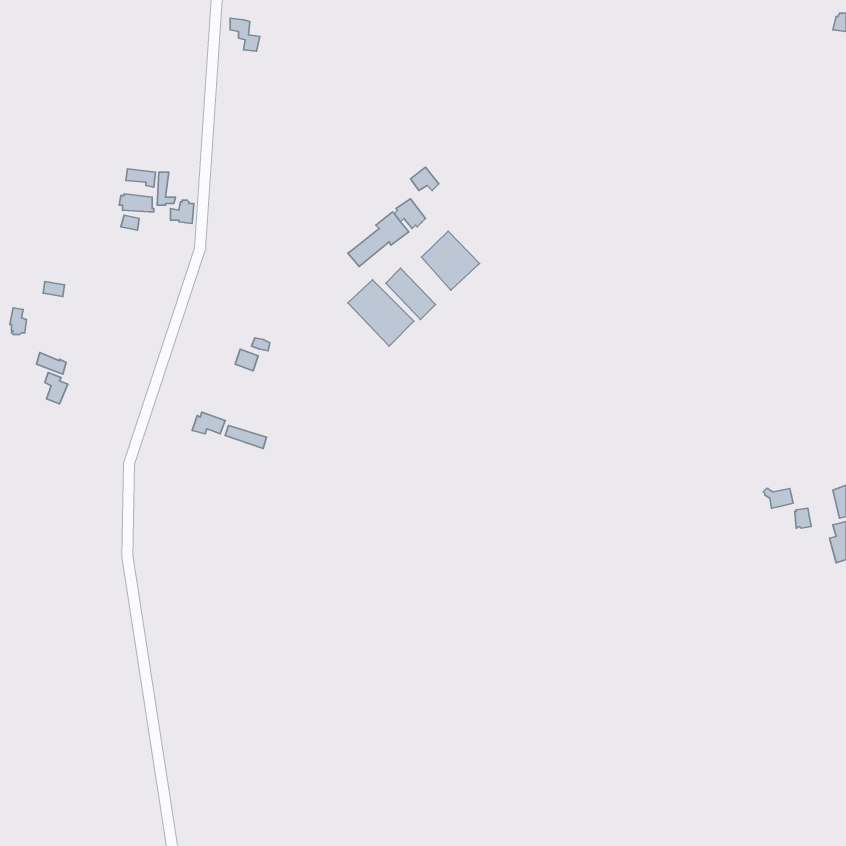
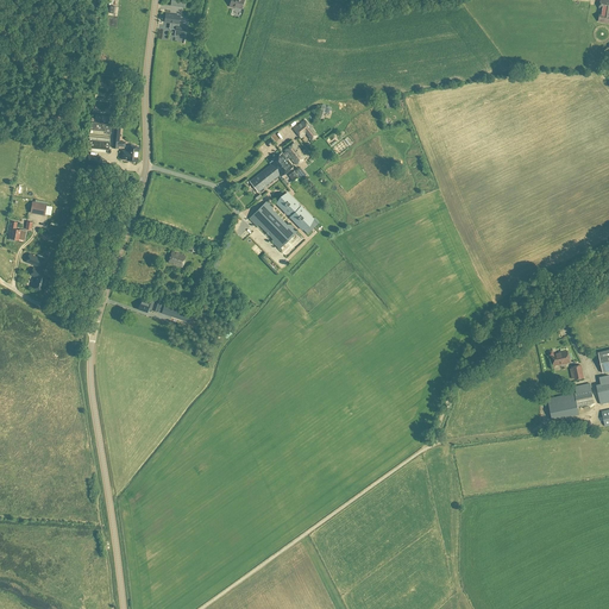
building: [421,231,479,290] -> none
building: none -> [547,383,595,421]

